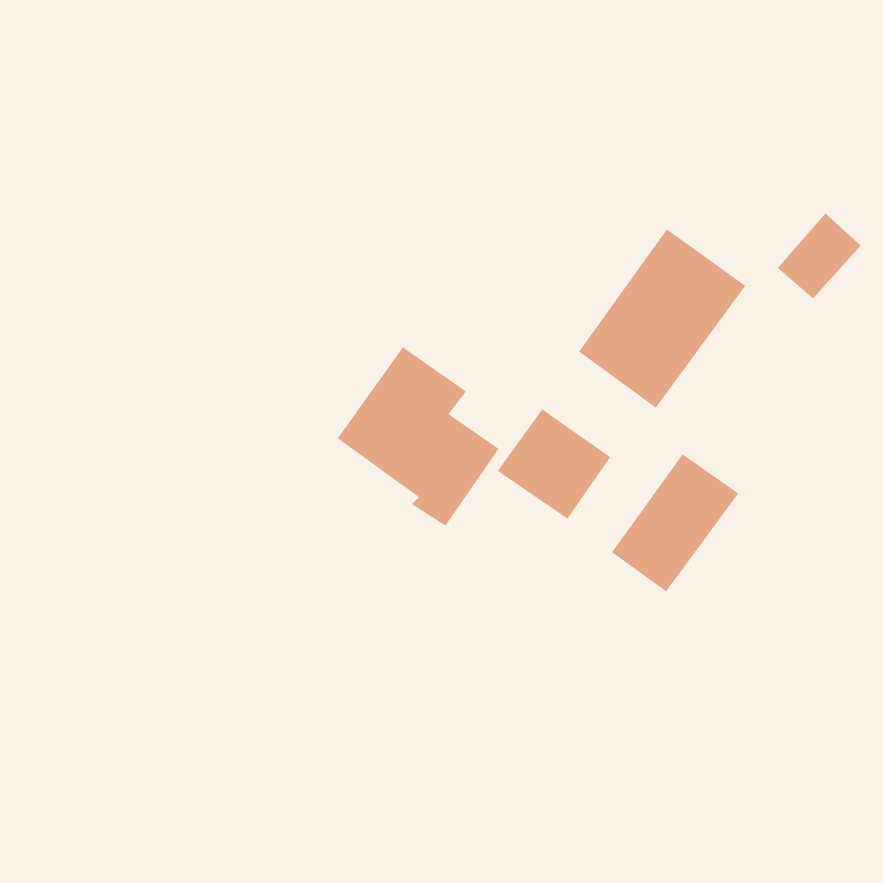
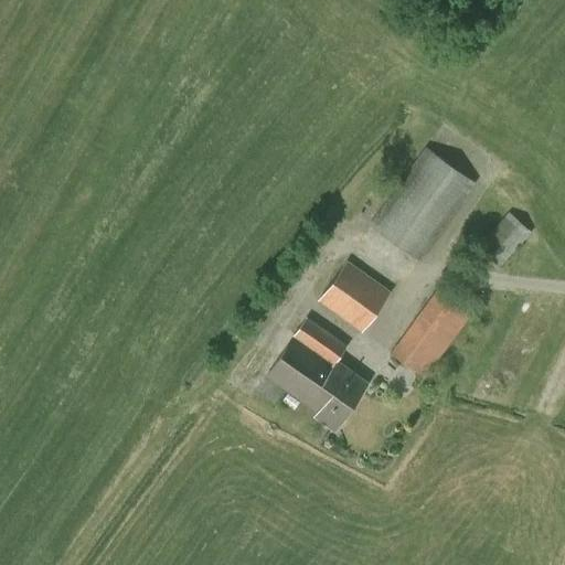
building: [777,213,862,299] -> [478,213,532,268]
building: [337,347,500,527] -> [266,318,370,433]

